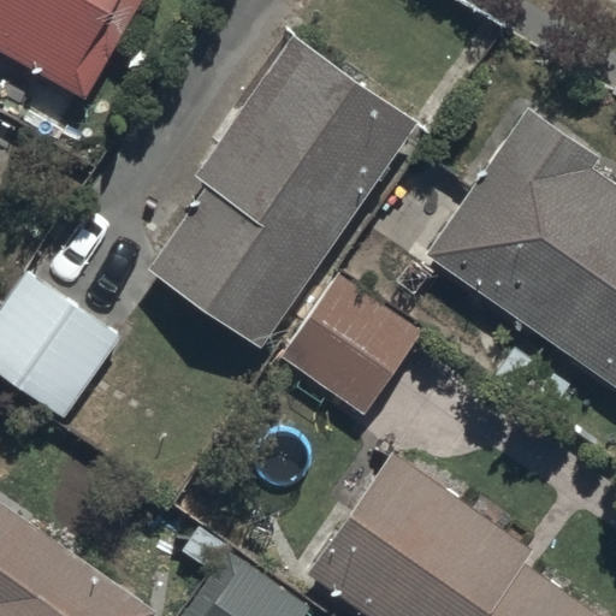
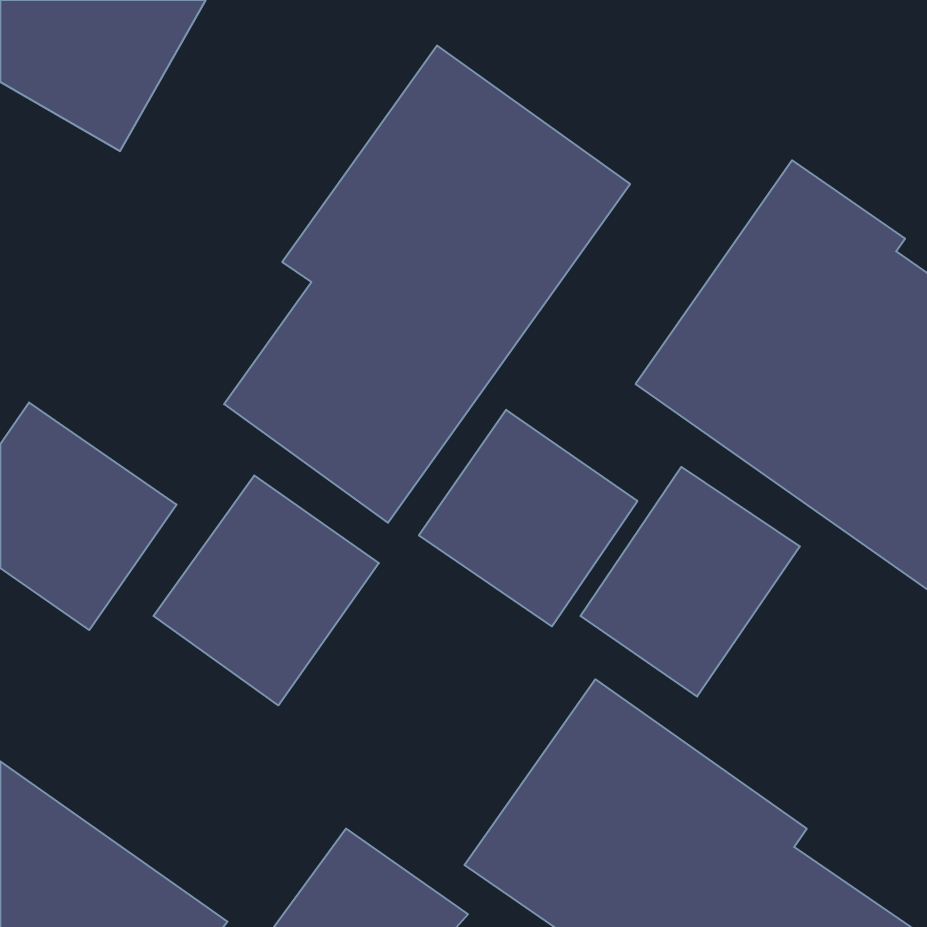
building: none -> [580,467,800,697]
building: none -> [153,475,379,705]

